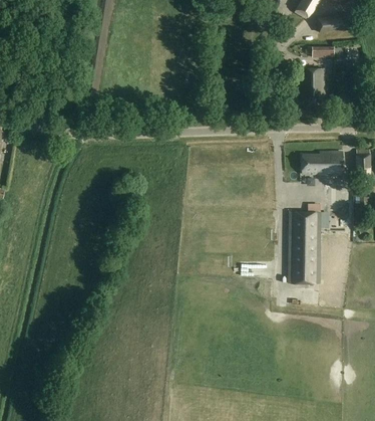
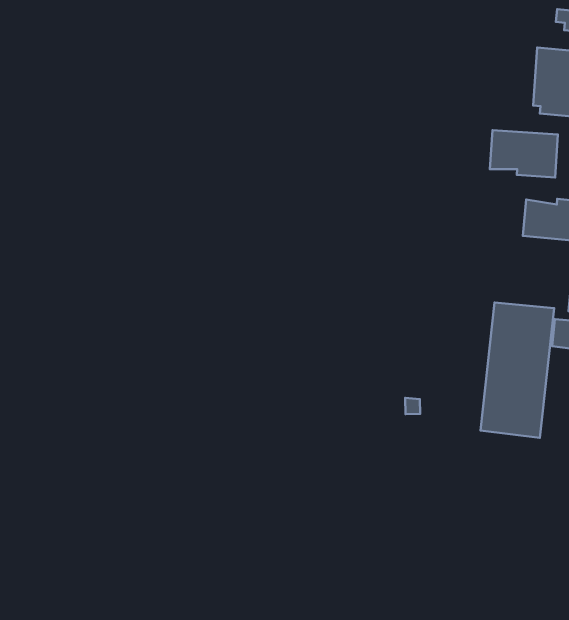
building: none -> [490,130,558,177]

